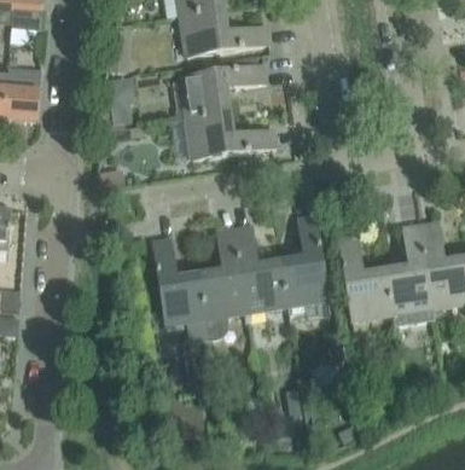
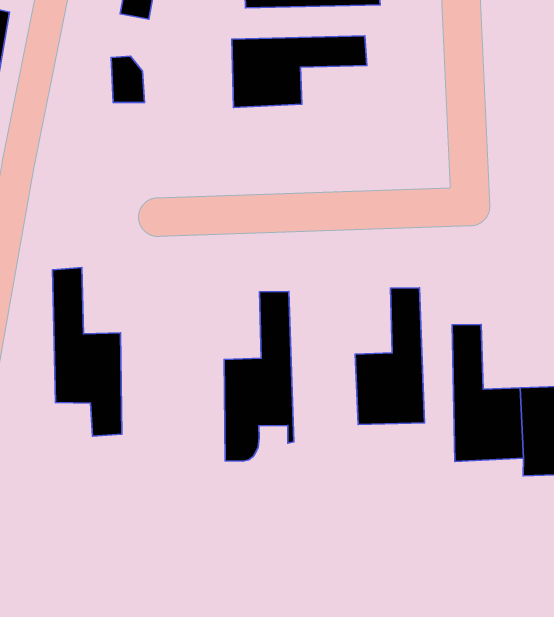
building: [185,109,274,157] -> none
building: [233,224,286,319] -> none
building: [151,236,207,340] -> [52,268,122,436]

